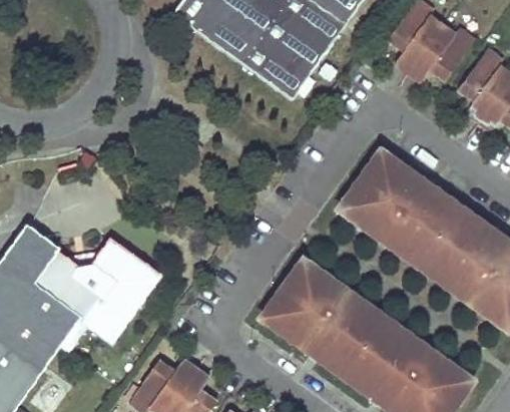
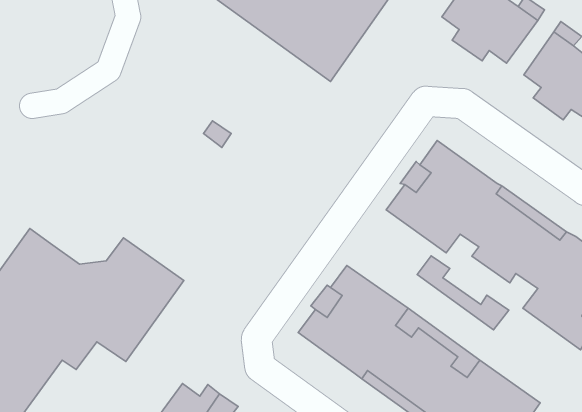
building: [390,232,469,296] -> [417,256,509,330]

